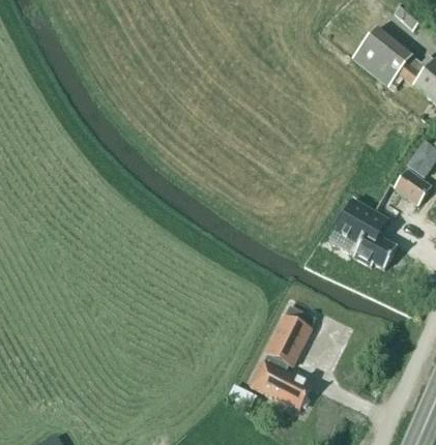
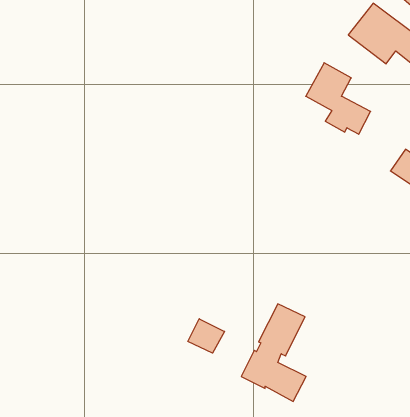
building: [333,200,396,268] -> [306,63,371,134]
building: none -> [188,319,225,353]

